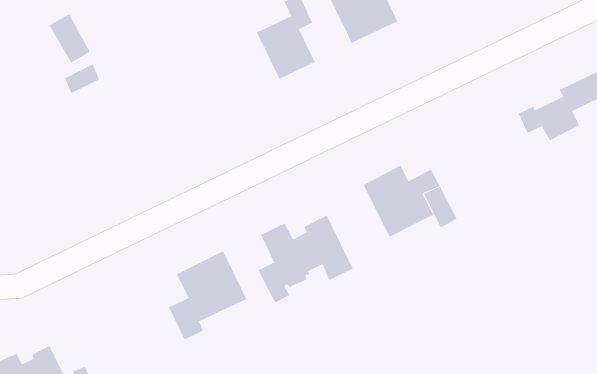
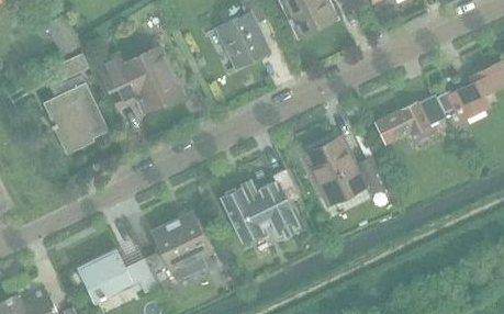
building: none -> [94,47,182,113]
building: none -> [44,83,107,144]
building: none -> [374,96,445,142]
building: none -> [76,247,157,305]

